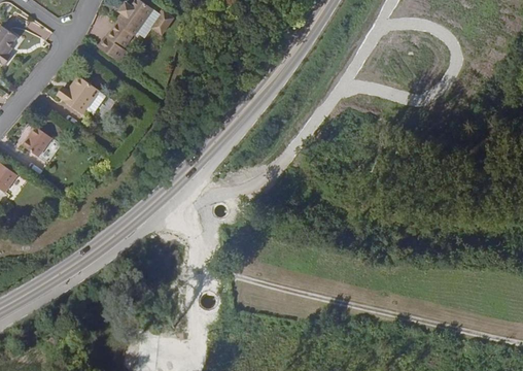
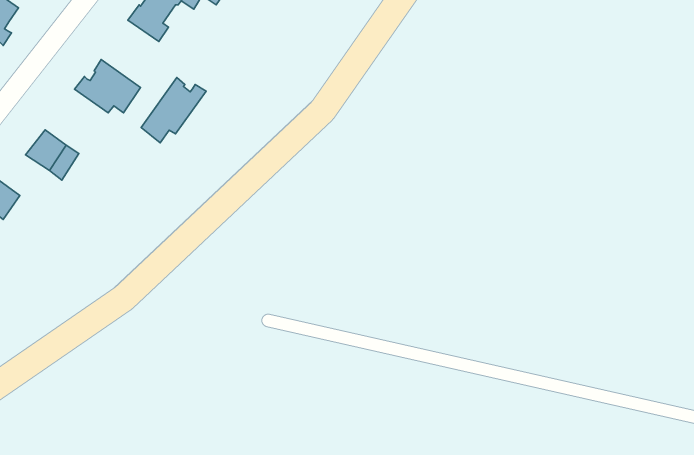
building: none -> [141,77,206,143]

